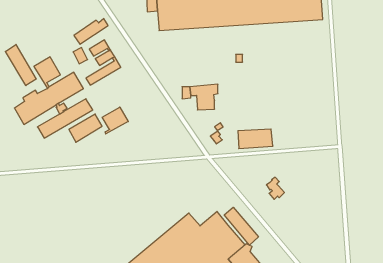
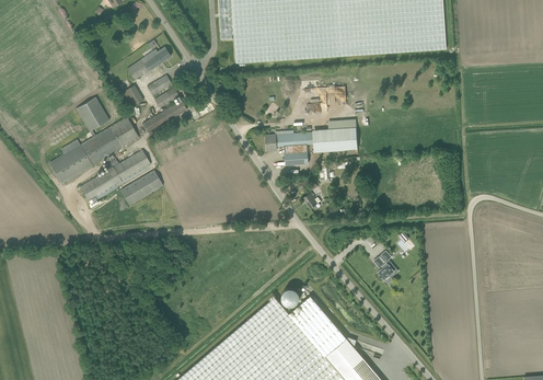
building: [5,44,36,86] -> none
building: [102,107,128,134] -> none
building: [238,129,273,149] -> [313,127,358,152]
building: [224,207,258,245] -> none

